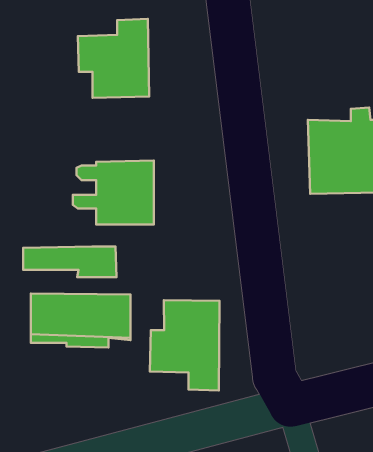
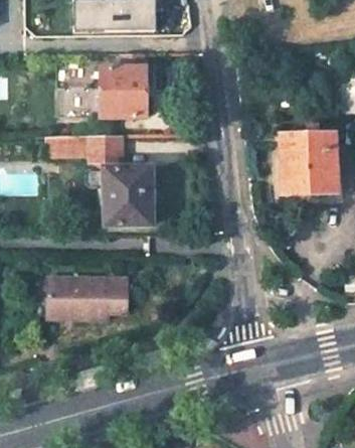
building: [23,246,117,277] -> [46,135,123,160]
building: [150,300,219,391] -> none

